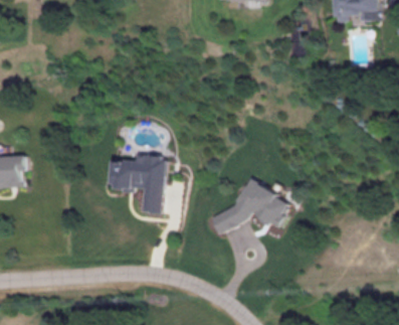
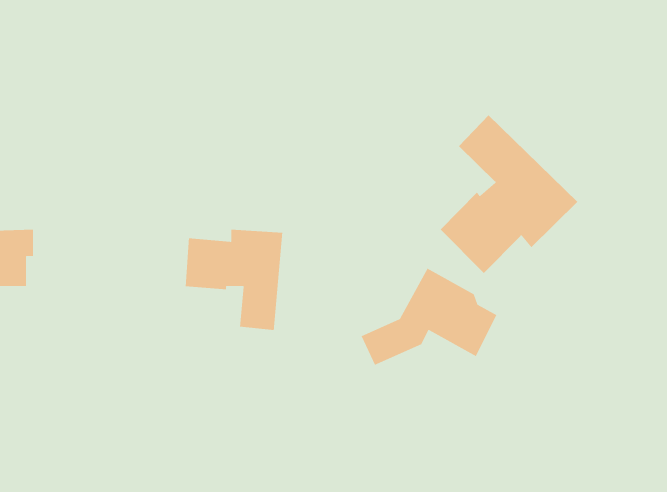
building: none -> [440,114,578,274]

